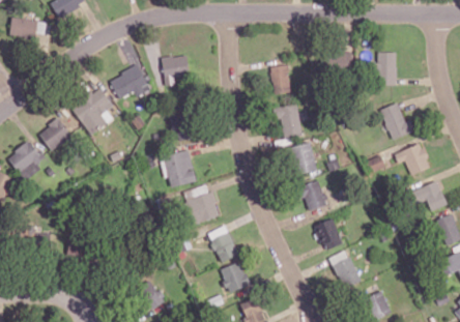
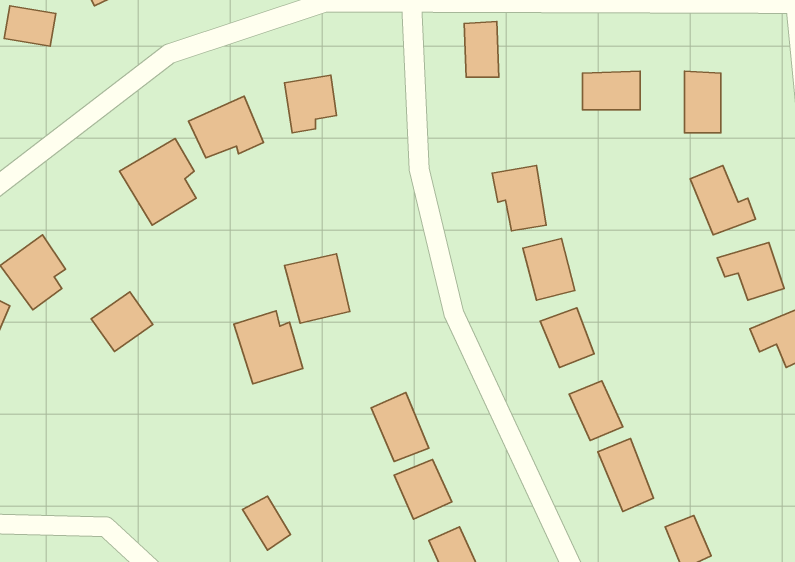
building: [271,64,290,94] -> [464,22,499,77]
building: [38,118,71,150] -> [91,292,153,351]
building: [182,184,220,224] -> [234,311,303,384]

